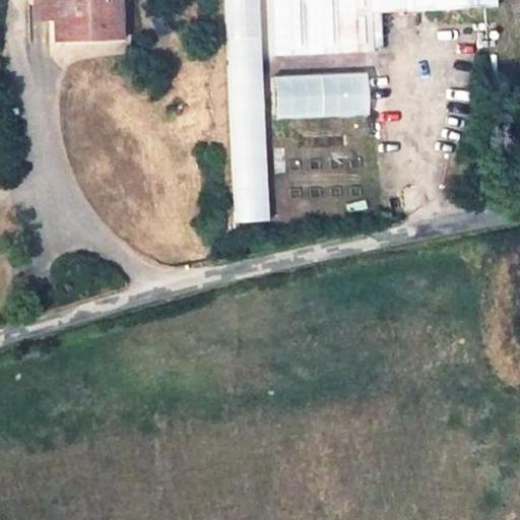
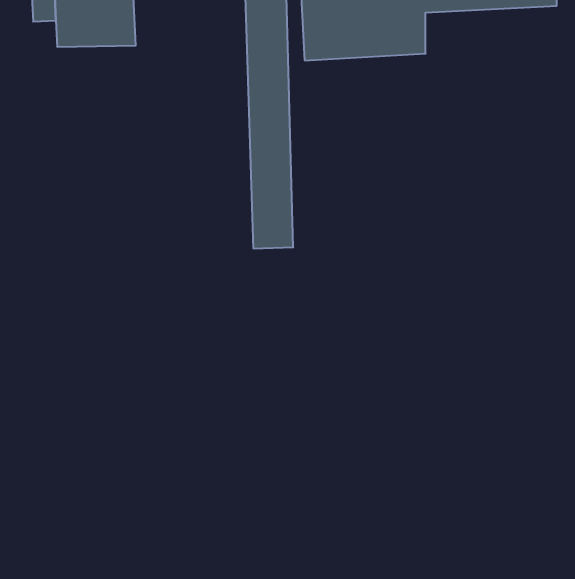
building: [272,70,371,118] -> none

